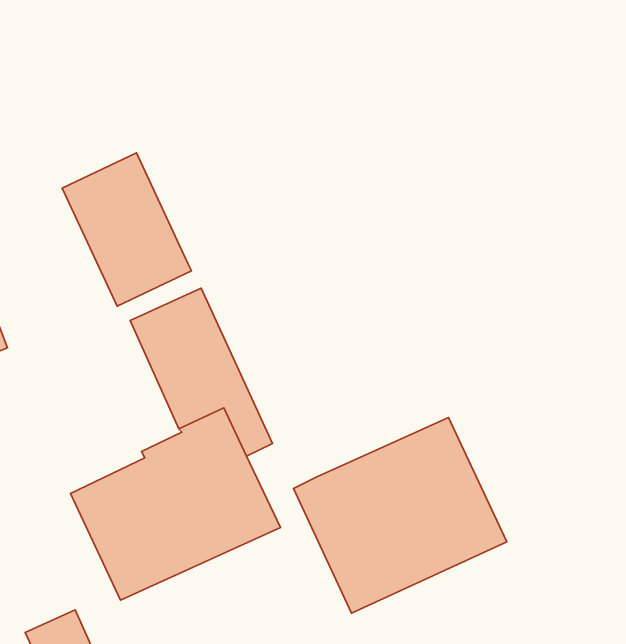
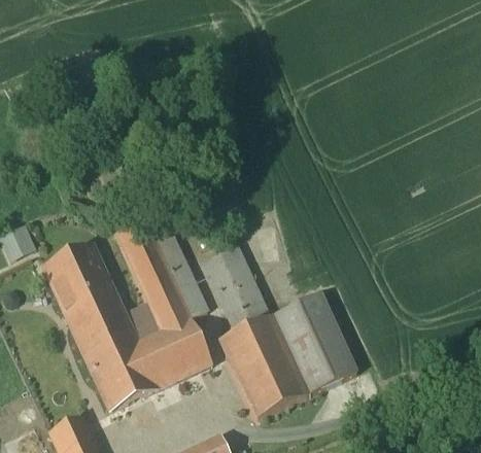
building: [62,153,191,306] -> [43,243,126,341]
building: none -> [203,245,269,330]

